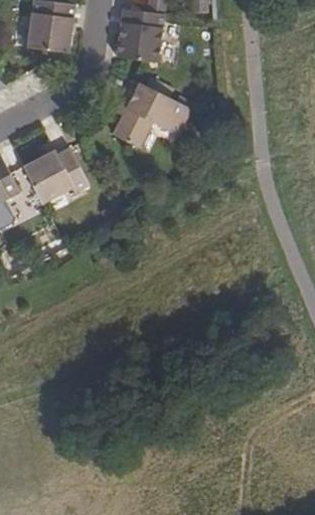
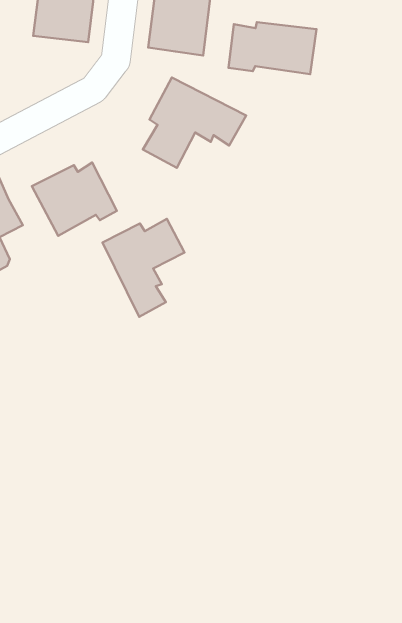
building: none -> [228,22,316,74]
building: none -> [103,219,185,317]

